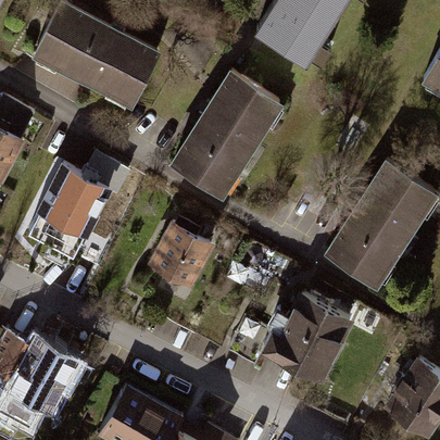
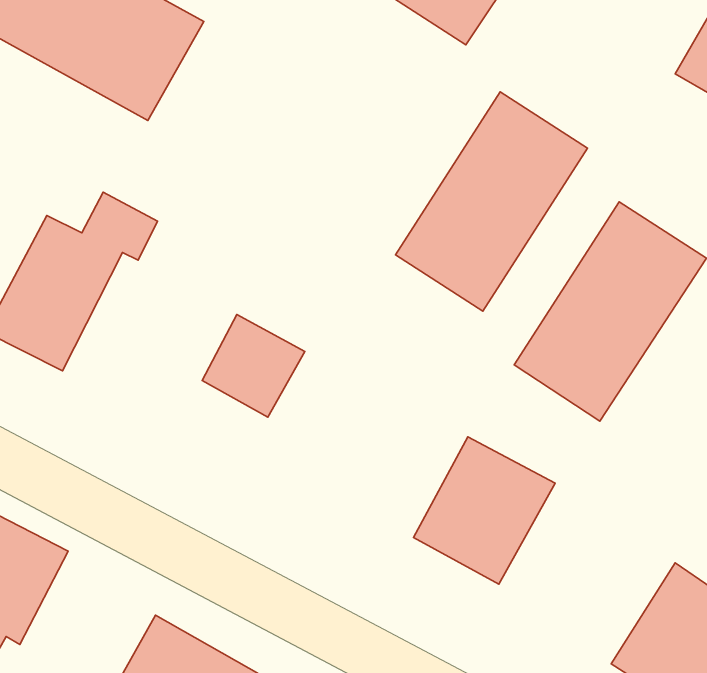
building: [173,68,280,191] -> [395,92,587,311]

